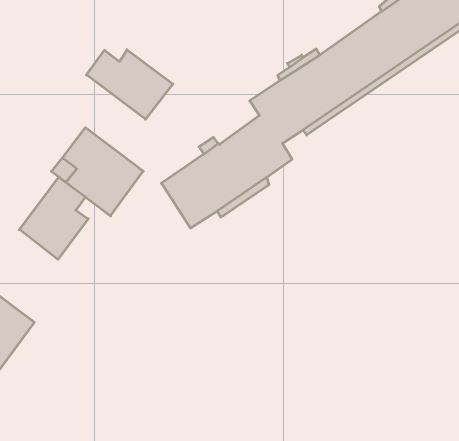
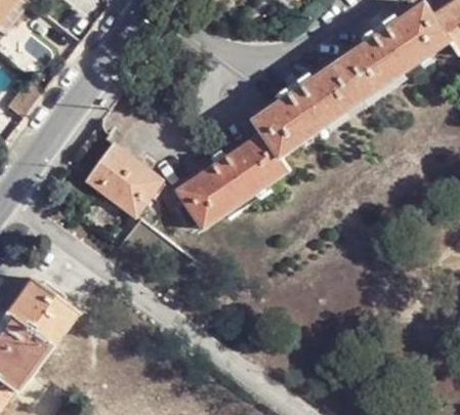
building: [86,50,173,119] -> none
building: [19,177,88,259] -> none

